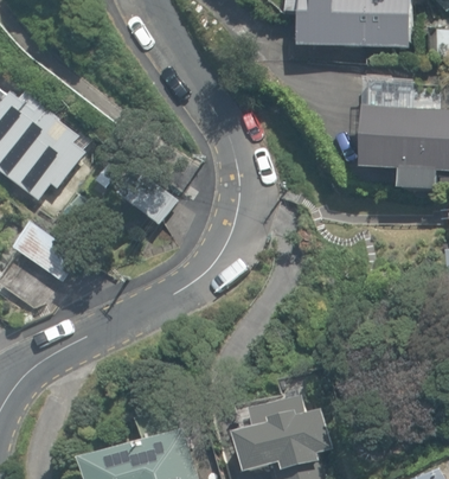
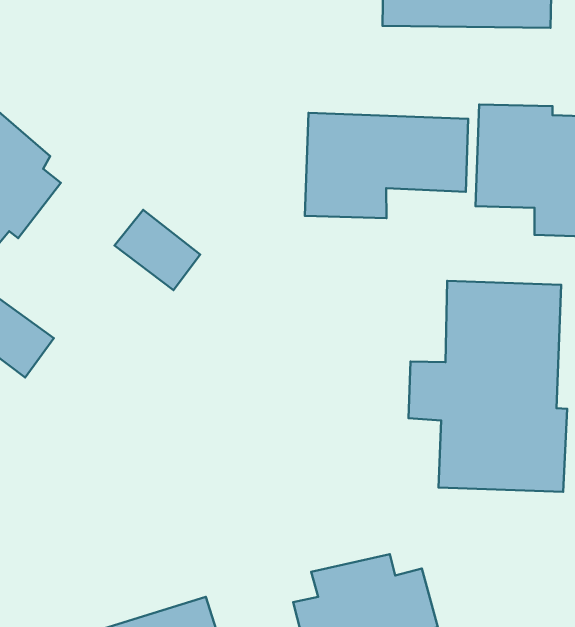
building: none -> [305,113,468,218]
building: none -> [408,281,567,492]

